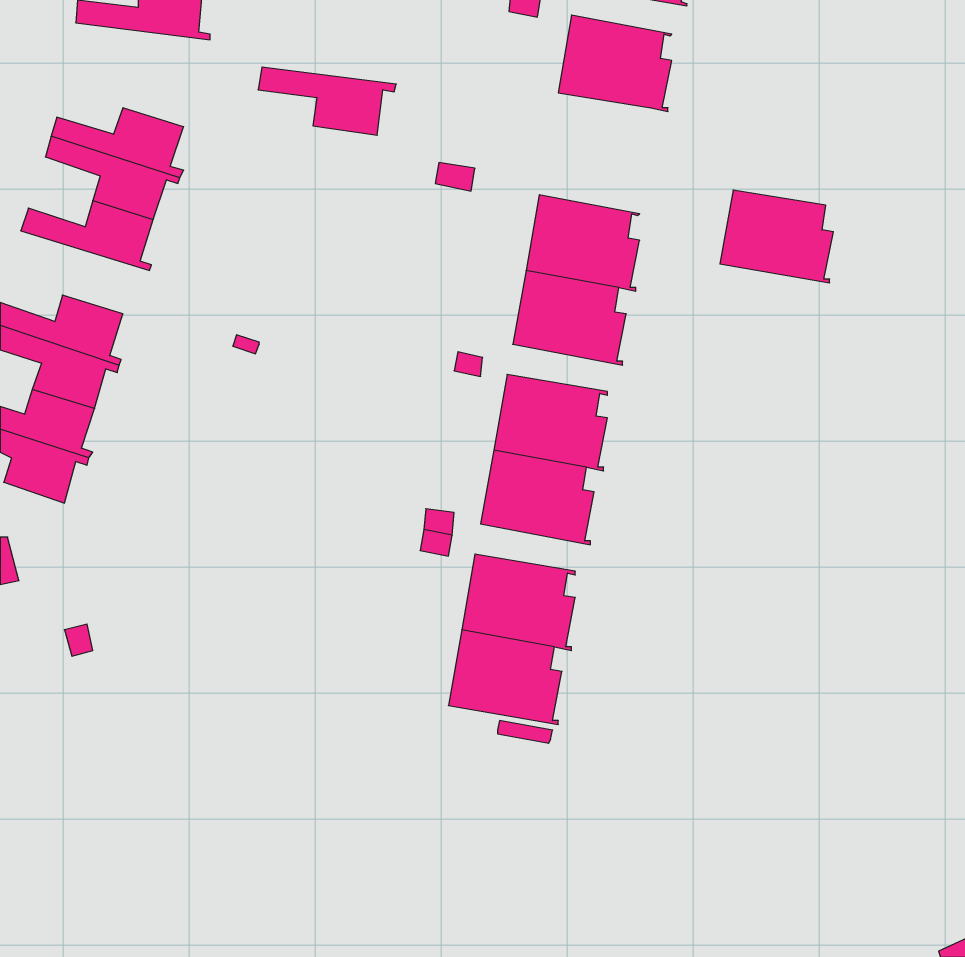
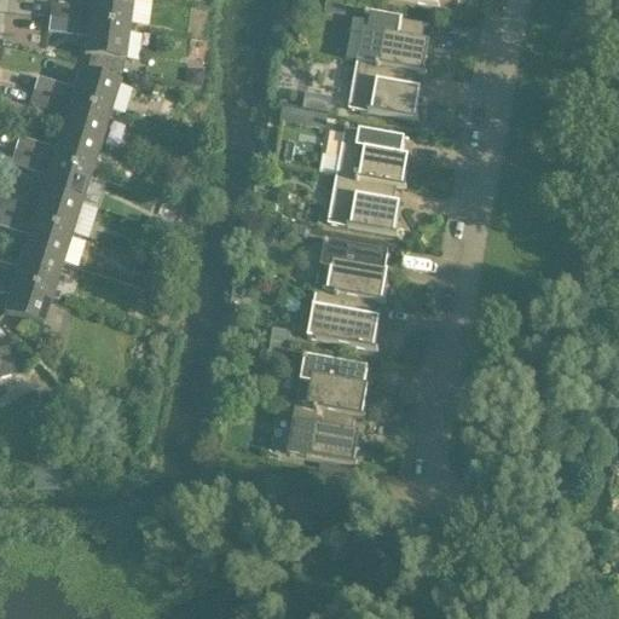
building: [258,67,396,135] -> [47,15,135,58]
building: [720,190,833,283] -> [349,59,422,118]
building: none -> [10,147,97,201]

